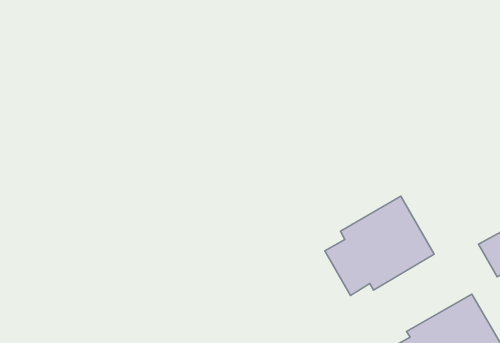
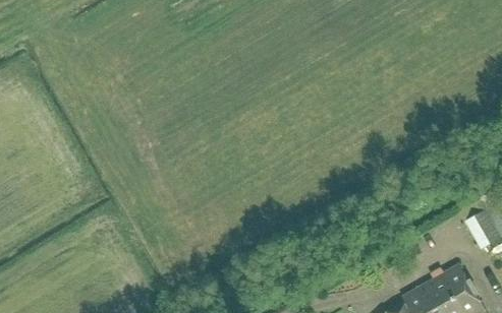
building: [325,196,434,295] -> none

